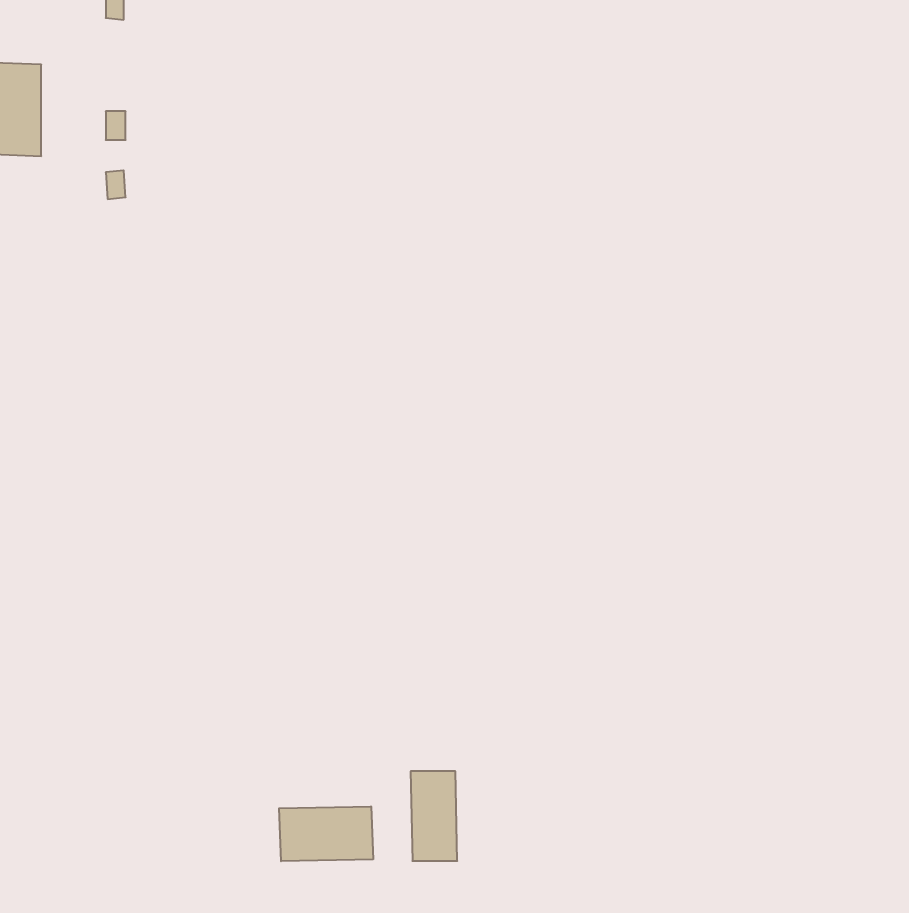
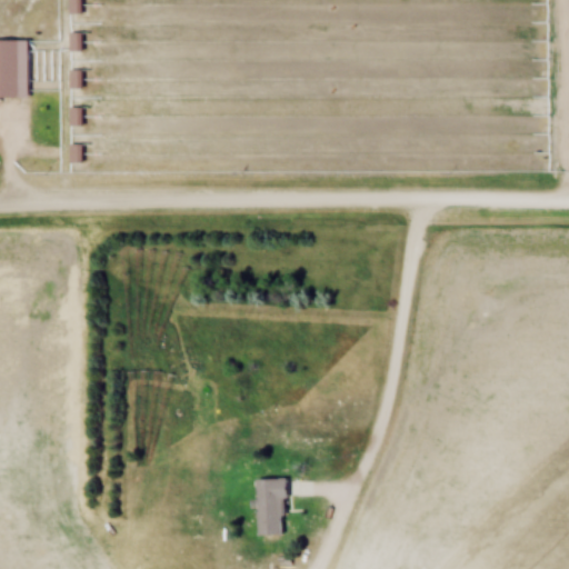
building: [279,806,373,861] -> none

